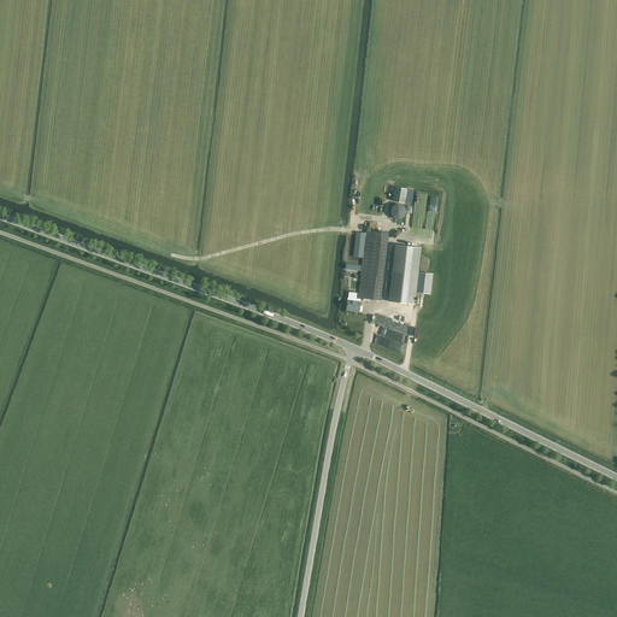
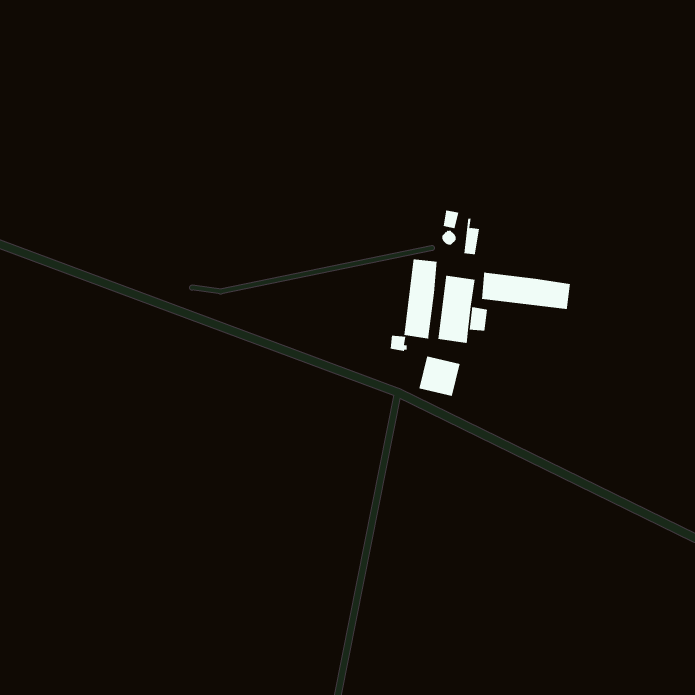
building: none -> [481,271,571,310]

